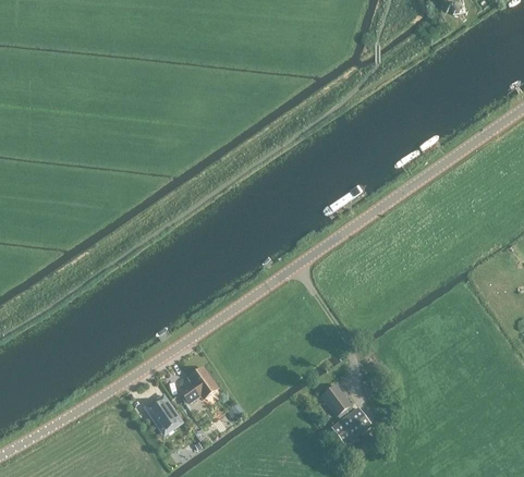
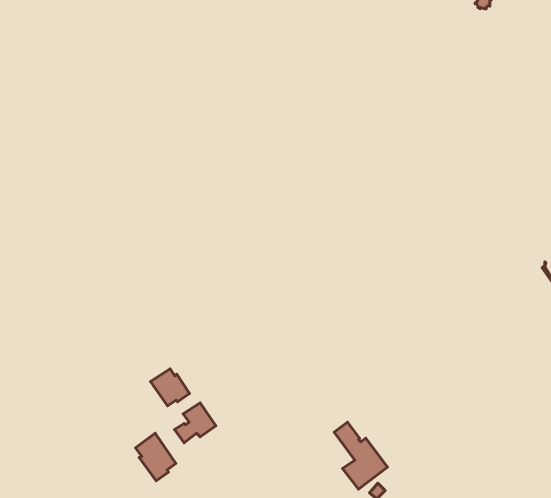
building: none -> [150,369,189,406]

